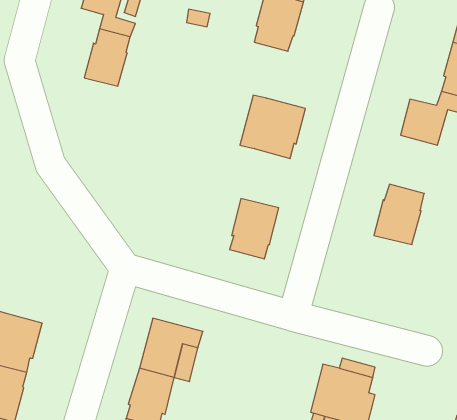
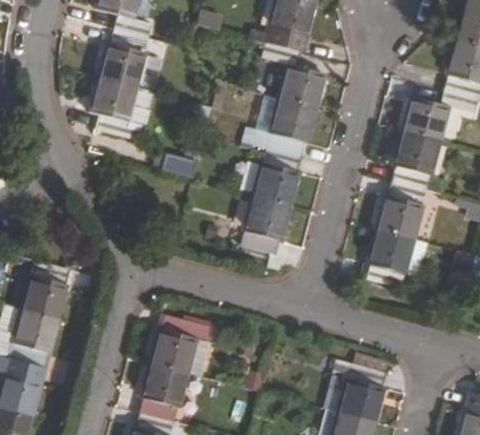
building: none -> [261,42,325,108]
building: none -> [91,78,133,138]
building: none -> [399,134,447,191]
building: none -> [253,147,302,205]
building: none -> [373,233,422,289]
building: none -> [21,261,69,319]

